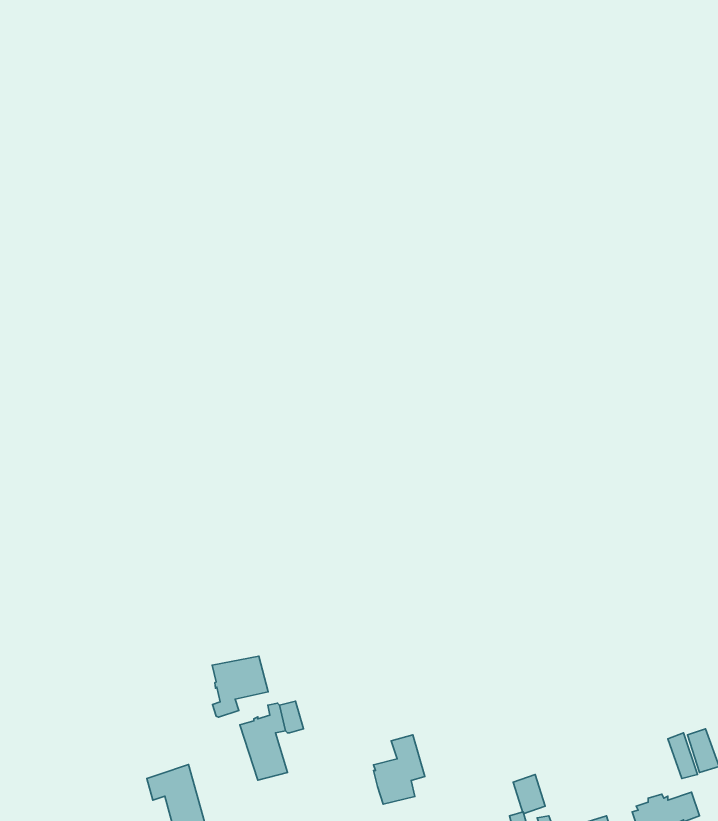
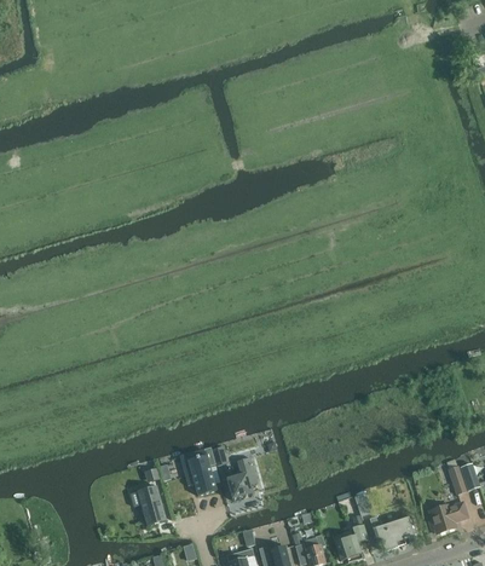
building: [212,656,268,717] -> none
building: [373,735,425,804] -> [229,460,260,502]

